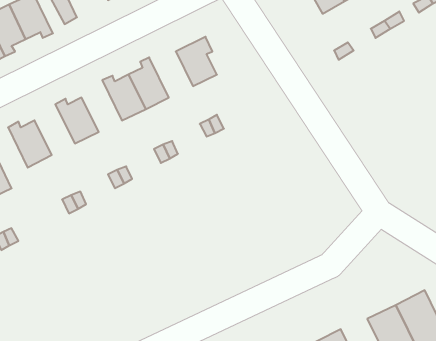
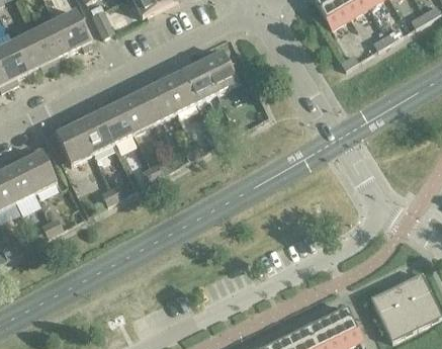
building: none -> [177,62,215,102]
building: none -> [117,87,153,133]
building: none -> [76,108,111,153]

